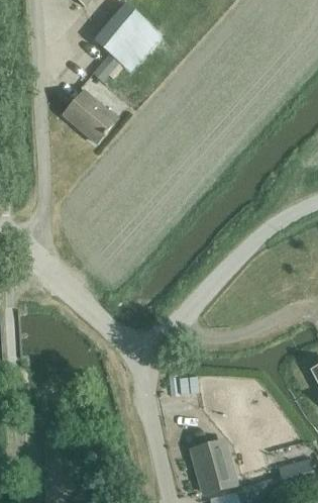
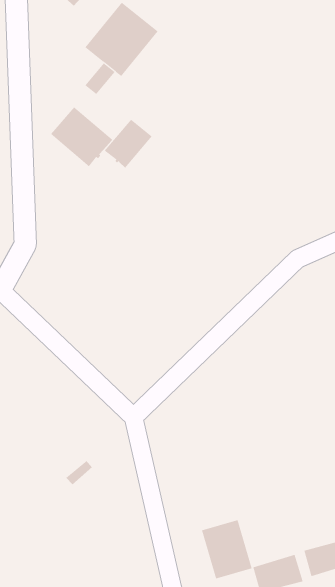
building: none -> [104,119,152,168]

